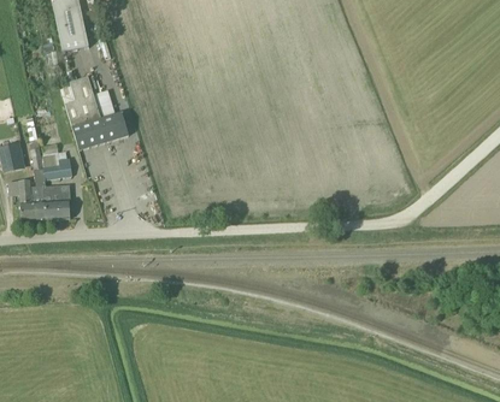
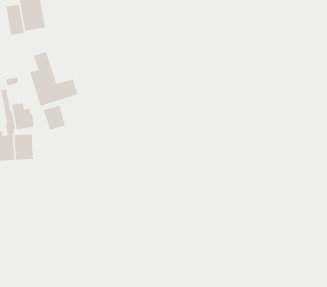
building: none -> [6,4,25,36]
building: none -> [43,105,66,131]

